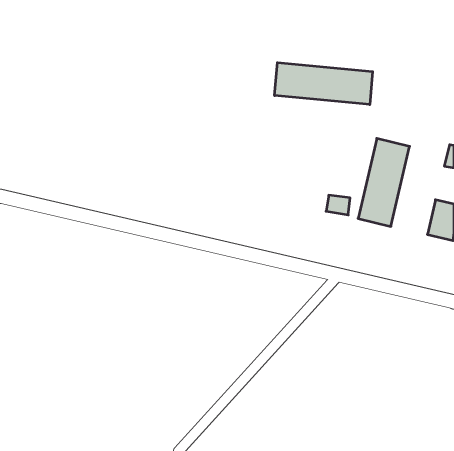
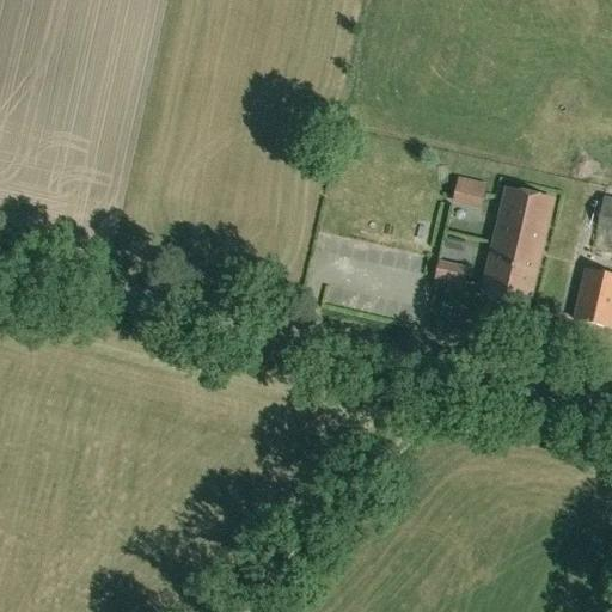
building: [275,63,373,105] -> none
building: none -> [458,176,490,203]

